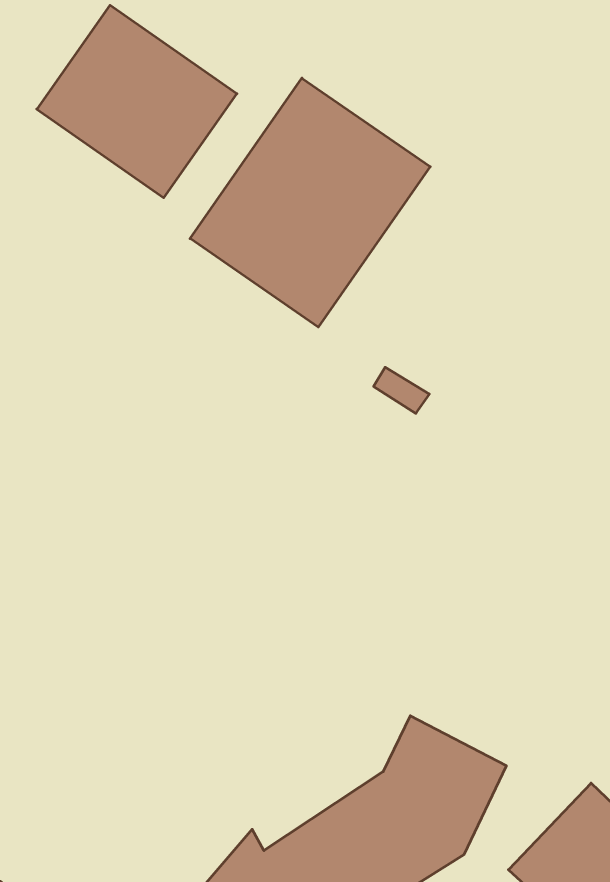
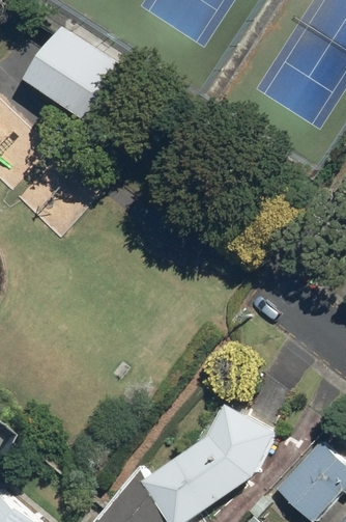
building: [190,78,430,327] -> none

